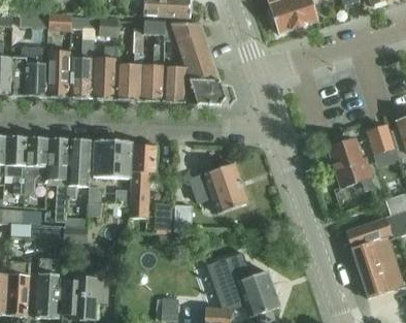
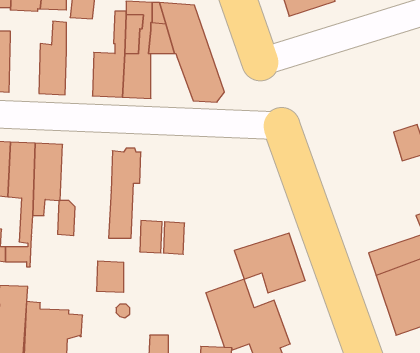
building: [94,43,117,99] -> none
building: [47,50,73,97] -> none
building: [165,64,200,103] -> none
building: [329,138,374,190] -> none
building: [95,139,134,177] -> none
building: [191,163,249,213] -> [234,233,305,293]
building: [65,216,88,241] -> [96,261,124,292]

